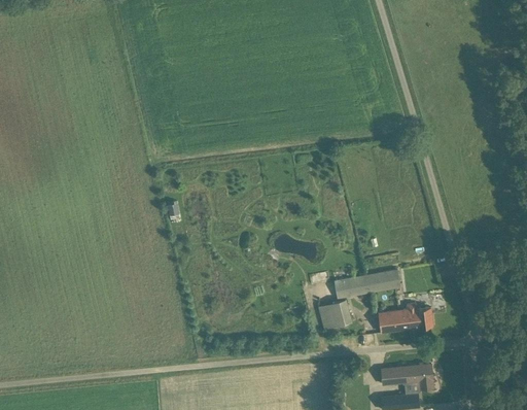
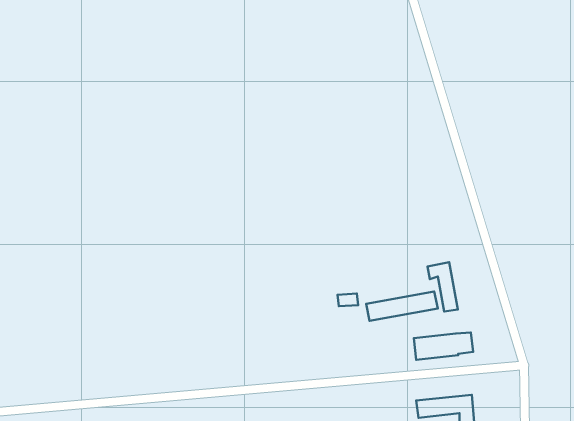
building: none -> [427,262,458,311]
building: [319,300,351,329] -> none

